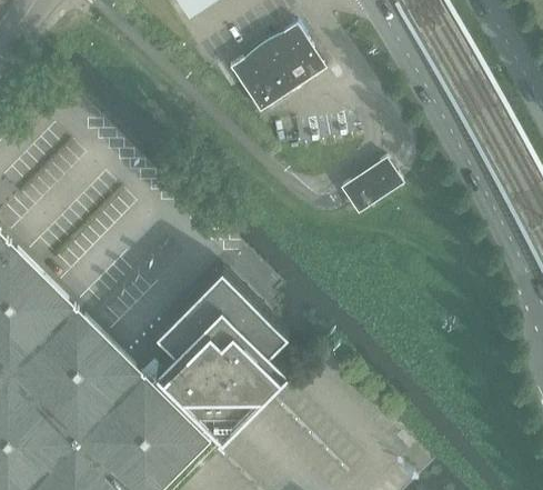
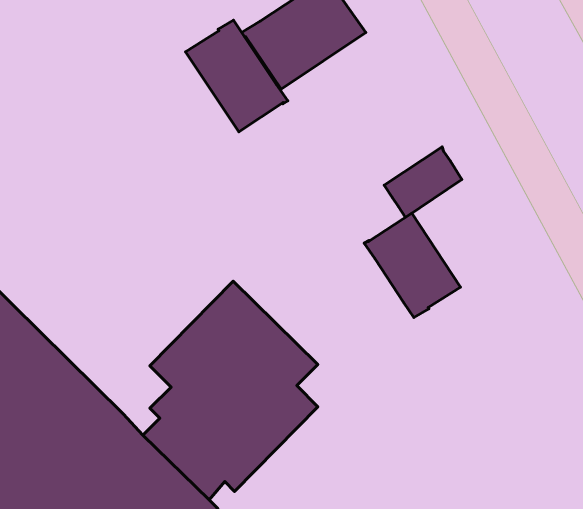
building: none -> [186,20,288,132]
building: none -> [364,213,461,318]

